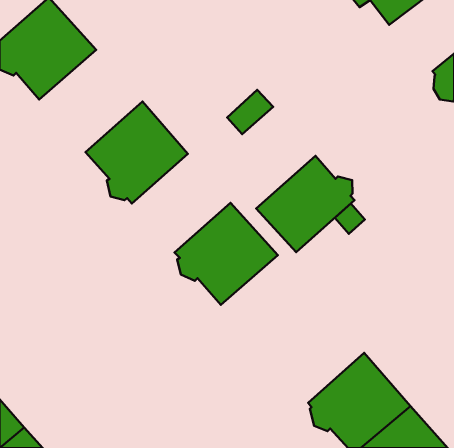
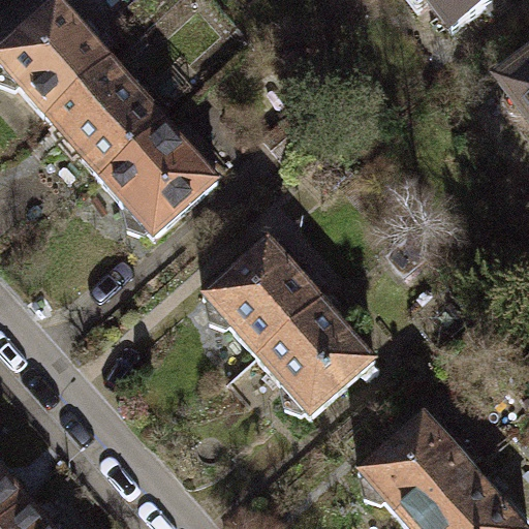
building: none -> [45,58,165,177]
building: [256,156,354,252] -> none
building: none -> [256,297,376,415]

